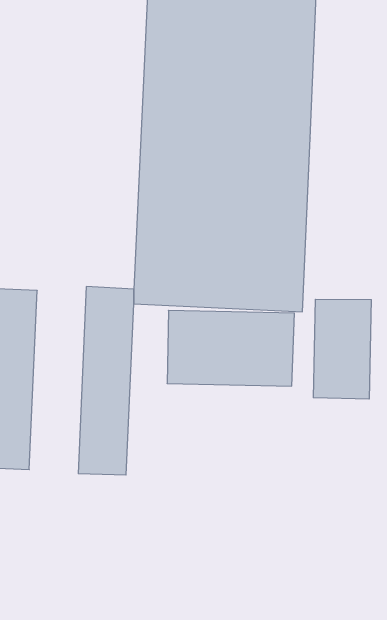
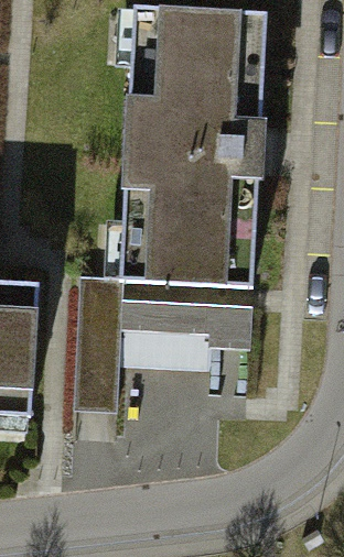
building: [313,299,371,399] -> none

